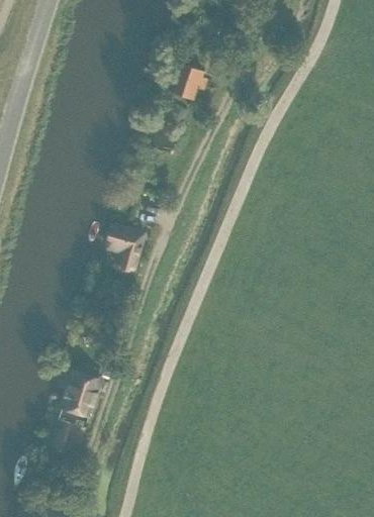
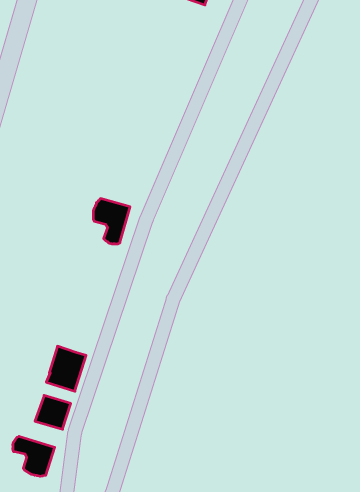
building: [170,63,208,100] -> none
building: none -> [13,436,55,476]

